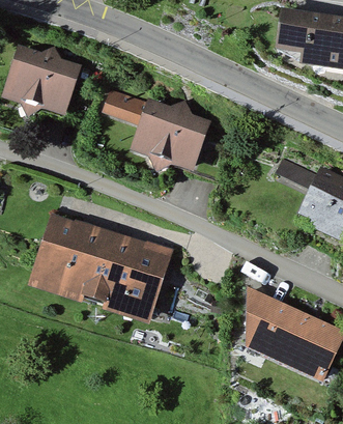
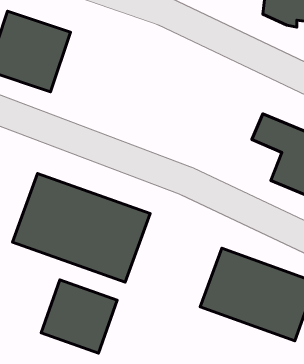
building: [113,87,218,175] -> none
building: none -> [41,280,117,353]

